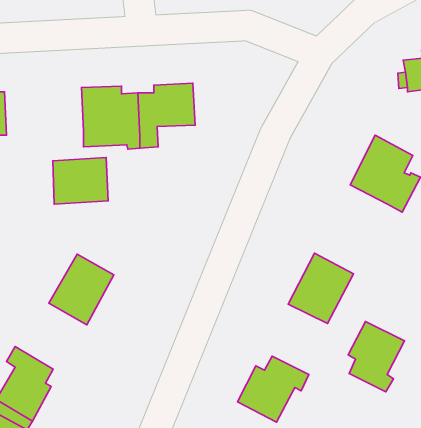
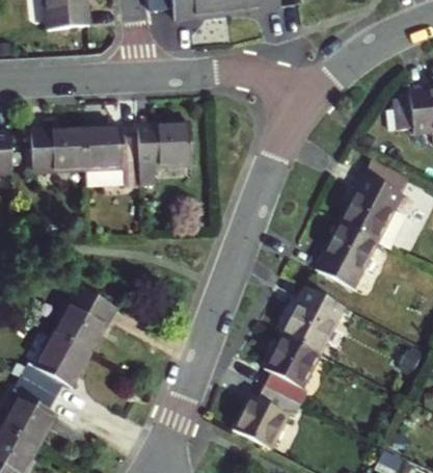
building: [53,157,108,204] -> [32,127,85,172]
building: none -> [317,220,377,286]
building: none -> [20,334,88,397]
building: [348,321,404,392] -> [265,335,319,402]

